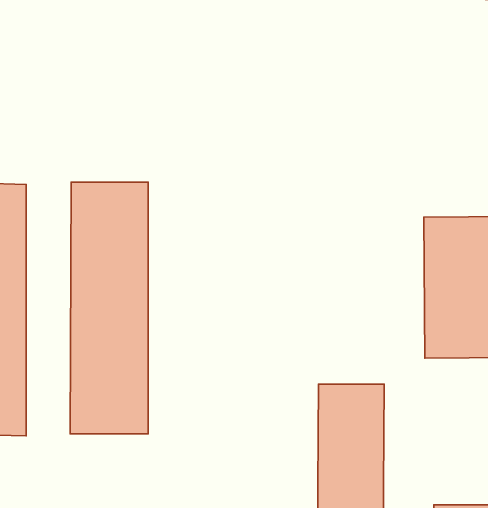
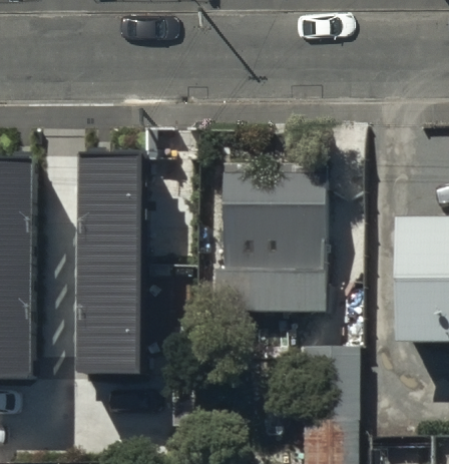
building: none -> [217,169,323,309]

